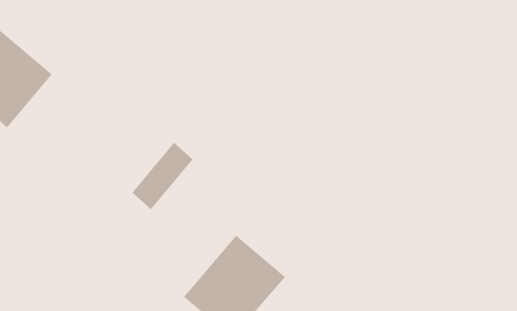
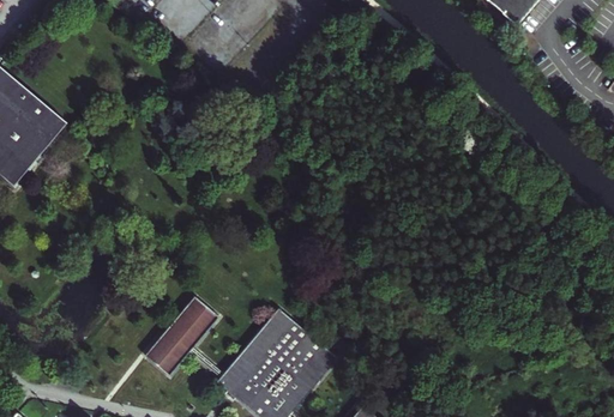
building: [131,142,194,210] -> [144,296,216,375]

